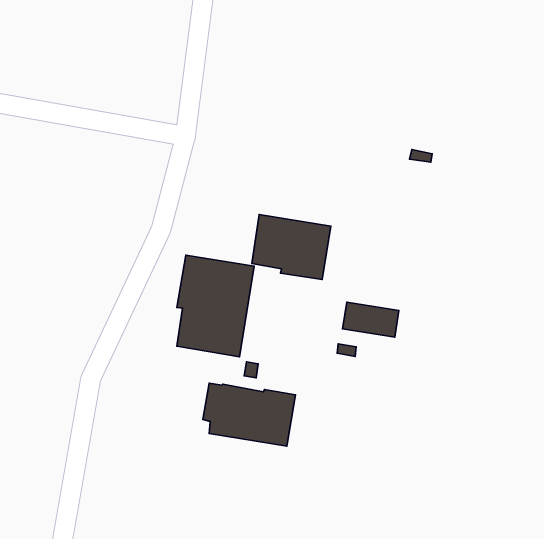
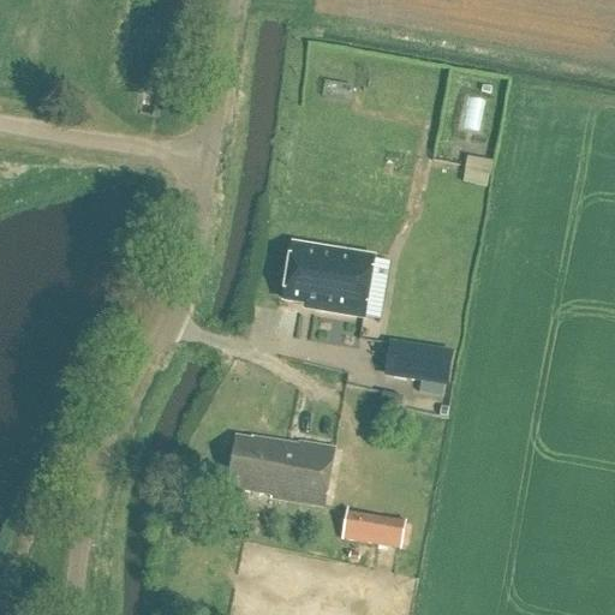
building: [177,255,254,357] -> none
building: none -> [341,509,405,545]

